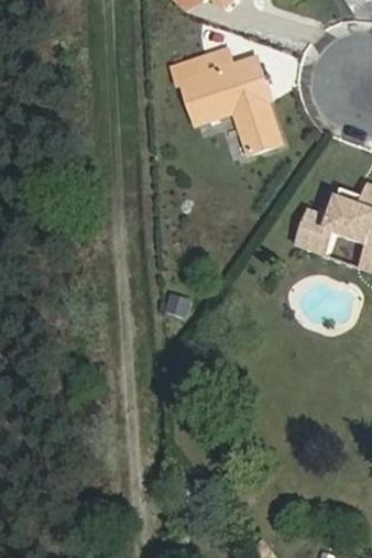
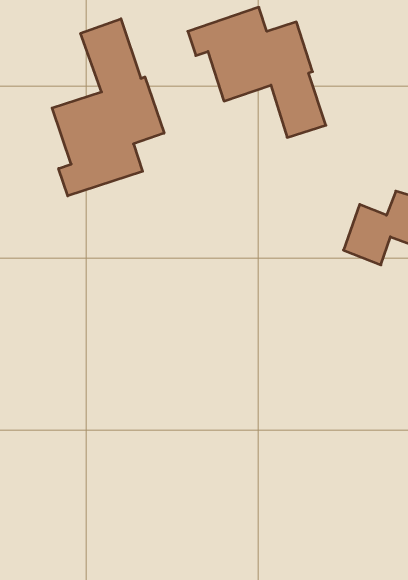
building: none -> [52,19,164,196]

